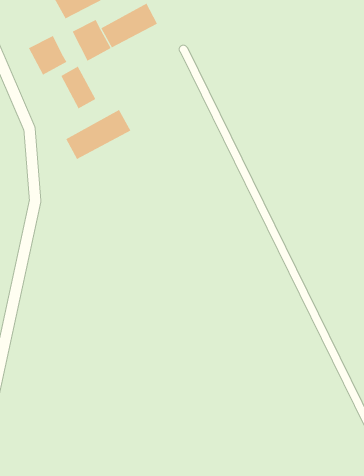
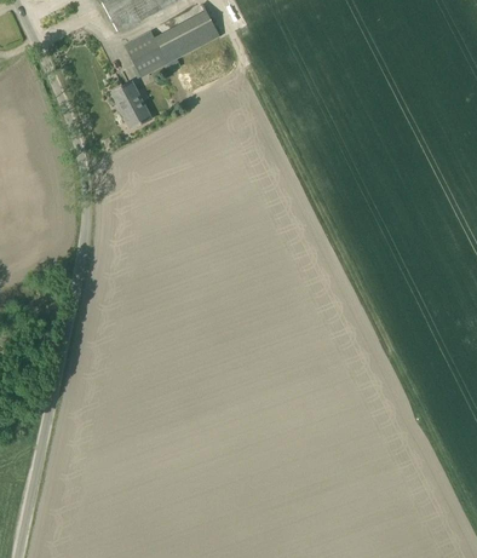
building: [28,35,67,75] -> none
building: [66,109,131,160] -> none

